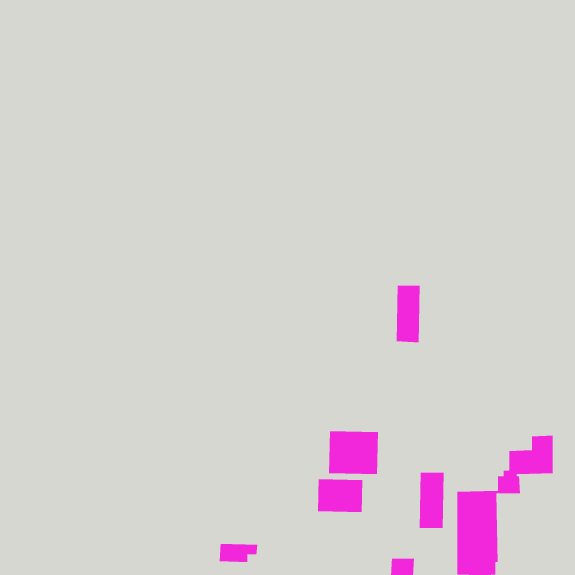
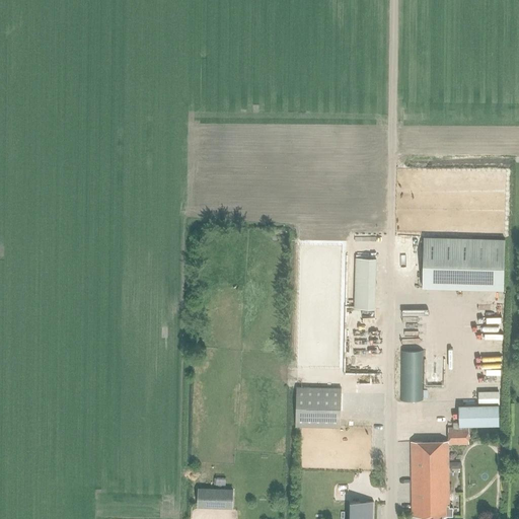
building: none -> [427,236,509,290]
building: [419,472,445,528] -> [399,352,423,402]
building: [318,478,363,513] -> none

